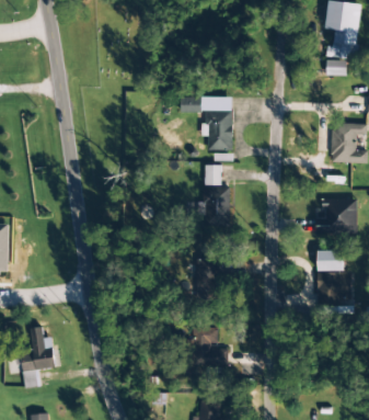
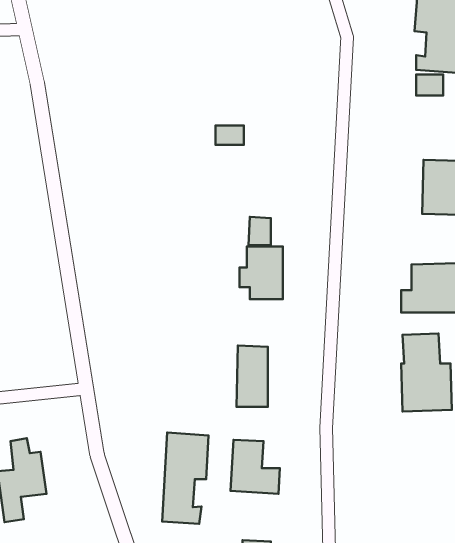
building: [207,109,233,149] -> none
building: none -> [162,433,209,524]

